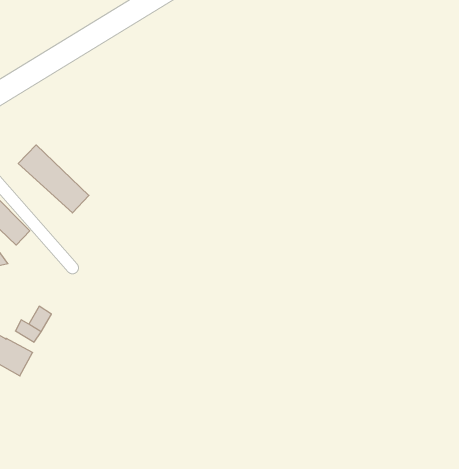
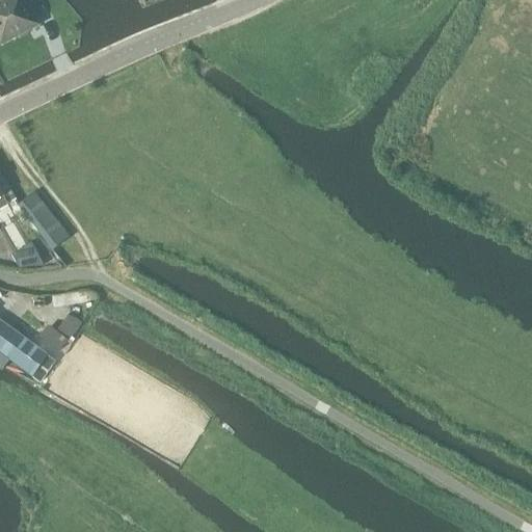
building: [18,145,89,213] -> none

